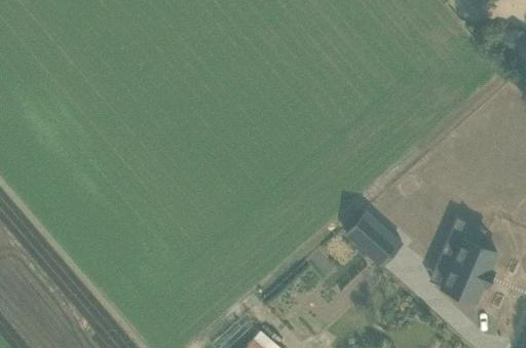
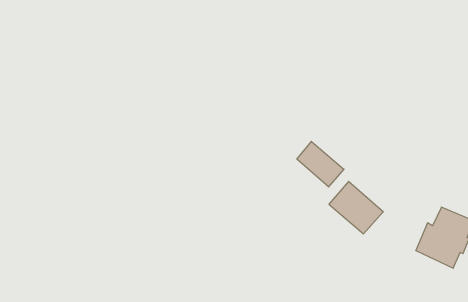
building: none -> [297,141,344,187]

